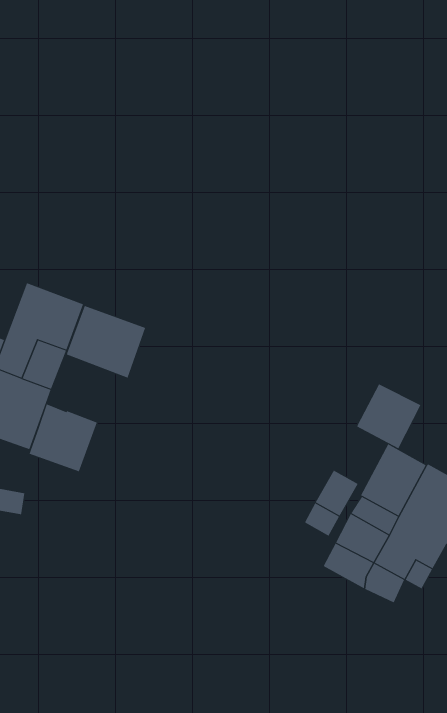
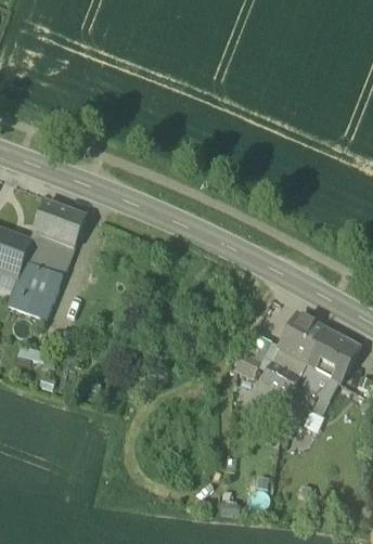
building: [65,305,146,378] -> none
building: [356,383,421,449] -> none
building: [29,403,97,472] -> none

